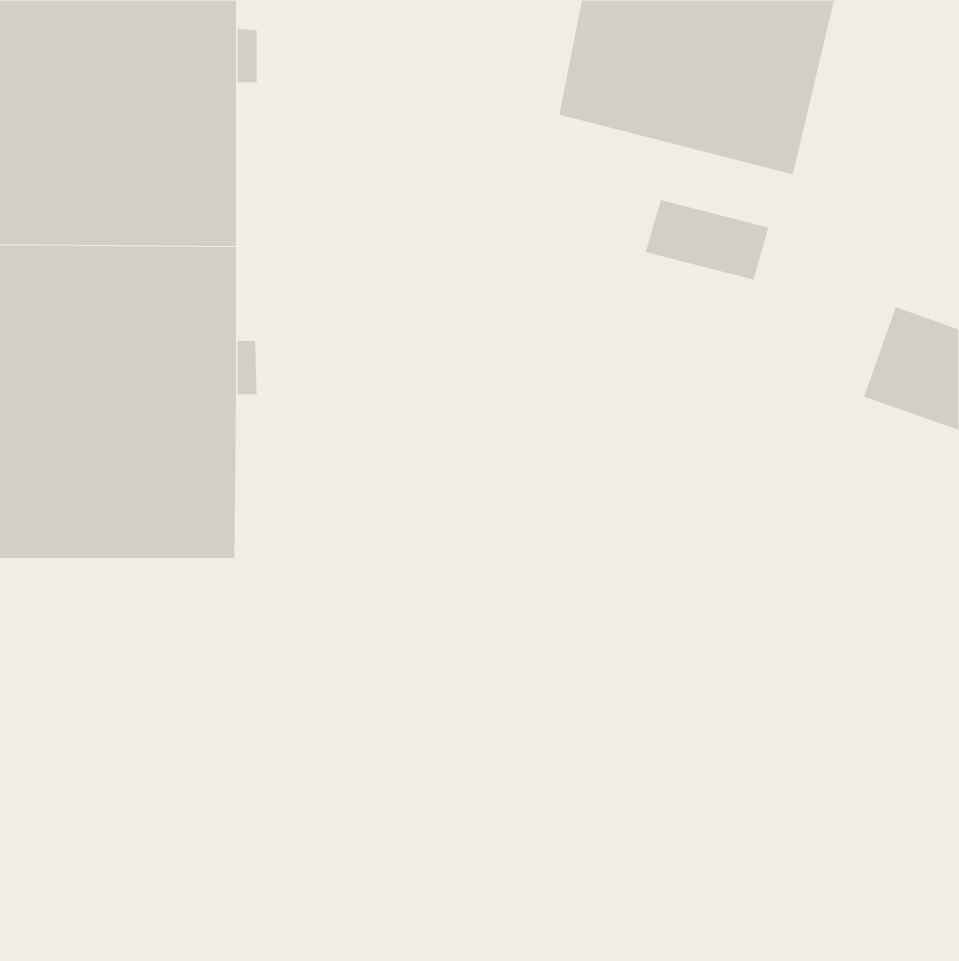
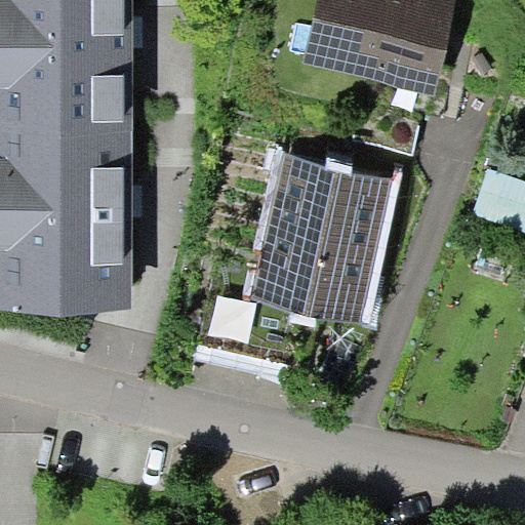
building: none -> [249,153,393,323]

